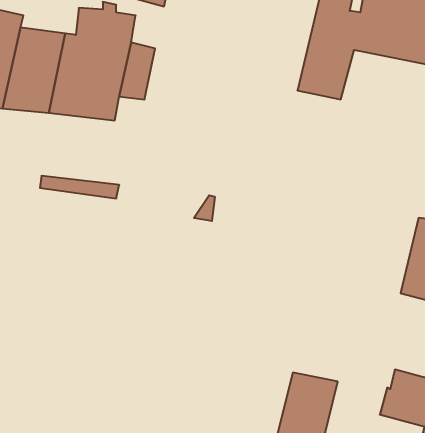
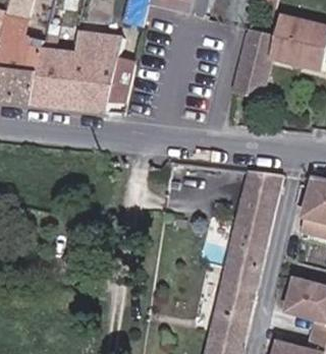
building: none -> [226,172,283,289]

